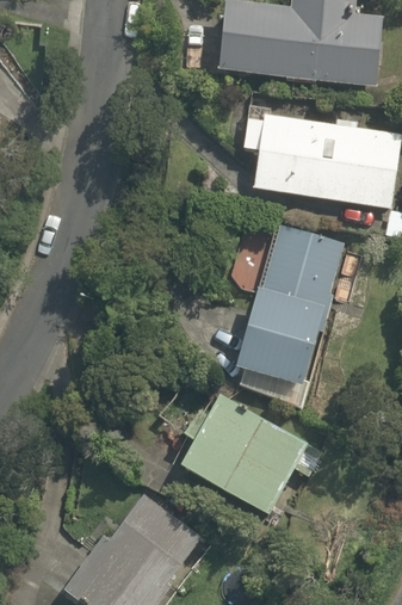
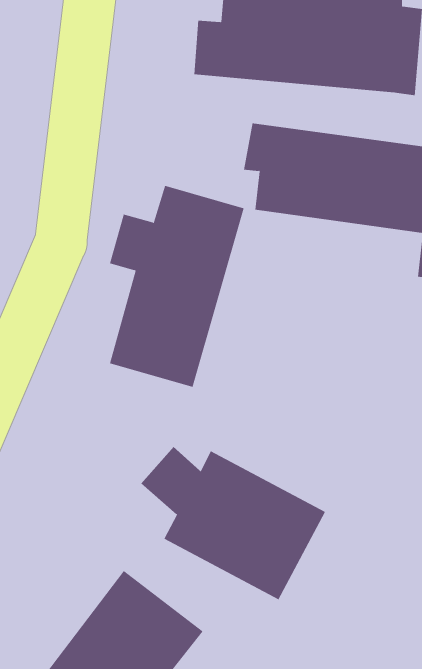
building: [231,223,345,393] -> [109,185,244,388]

